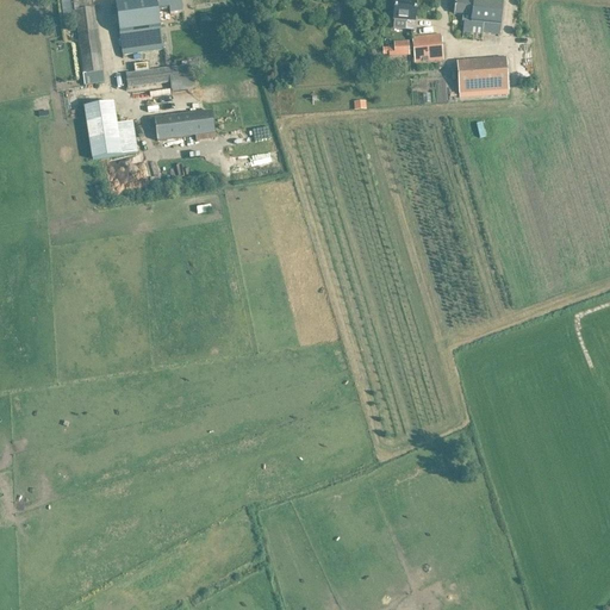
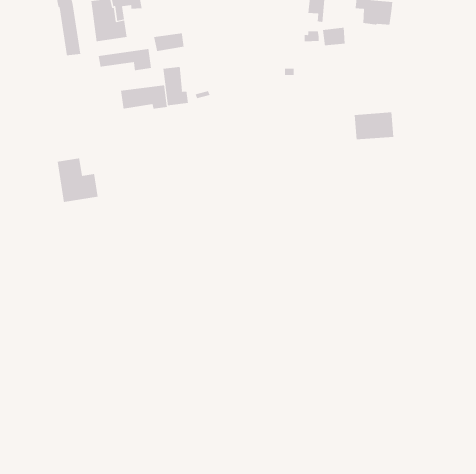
building: none -> [153,32,184,52]
building: [456,56,508,92] -> [354,112,394,140]
building: none -> [163,66,188,106]
building: [83,100,137,157] -> [57,158,99,203]

